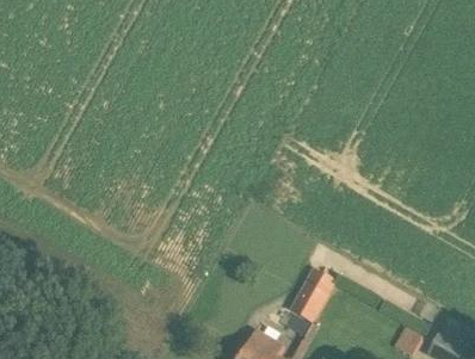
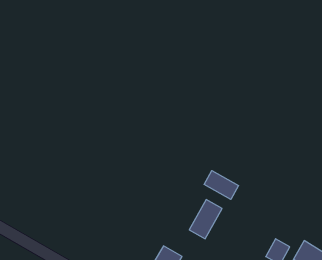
building: none -> [204,171,239,199]

